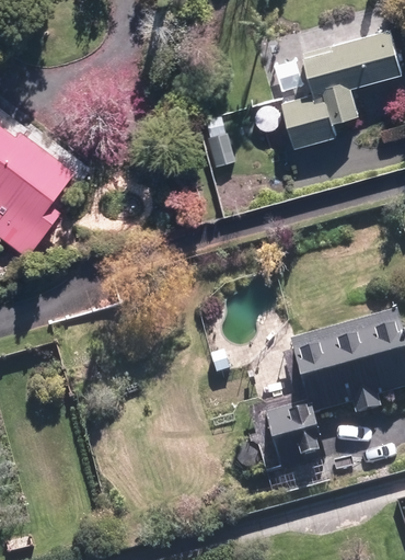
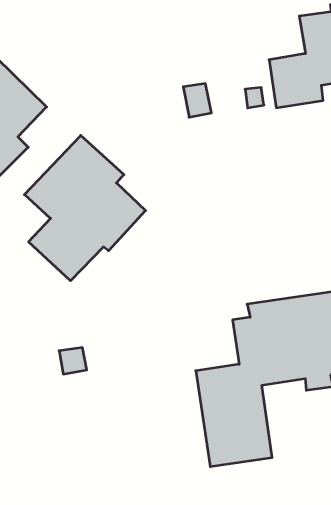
building: none -> [24,135,146,281]

